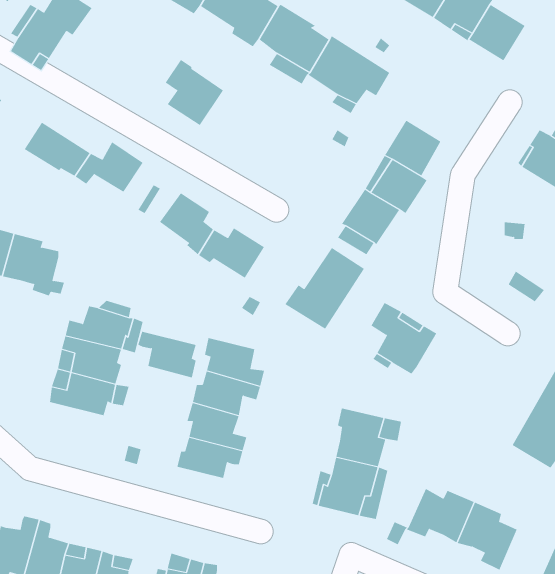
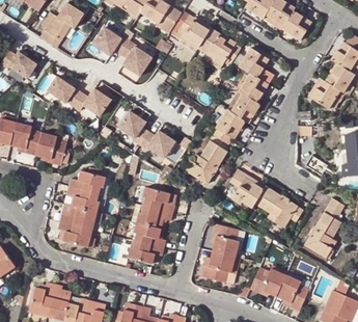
building: none -> [93,27,130,55]
building: none -> [239,48,274,84]
building: [138,331,196,378] -> [58,222,89,247]
building: none -> [255,186,303,227]

